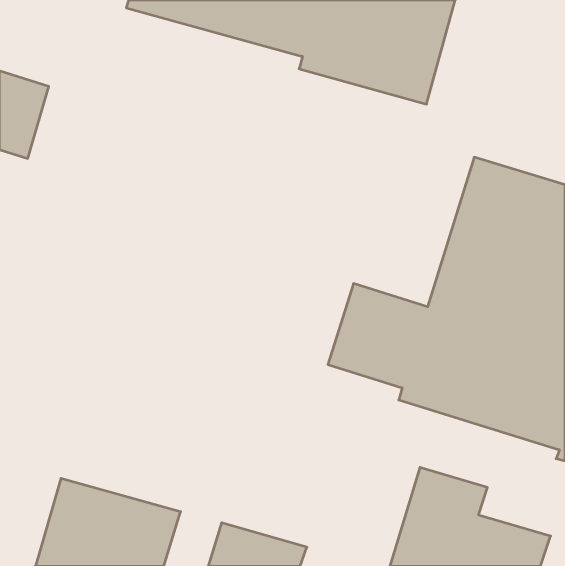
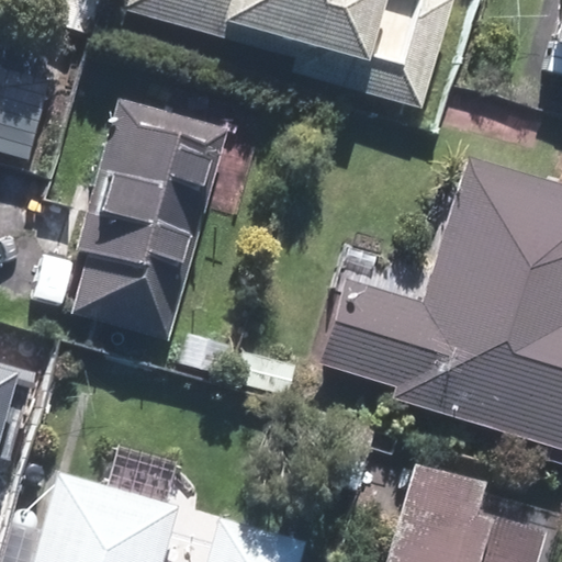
building: none -> [75,101,227,336]

